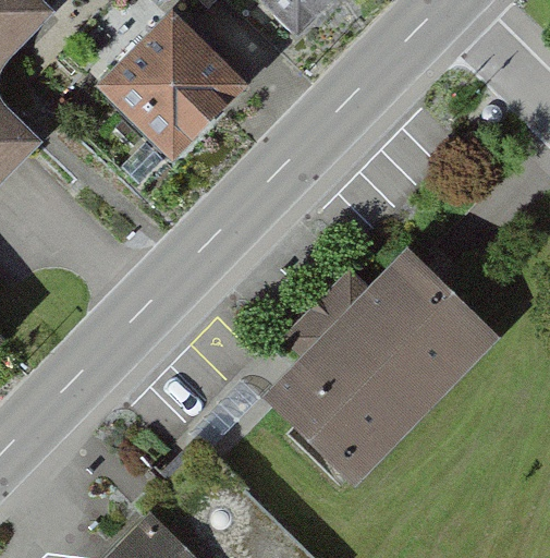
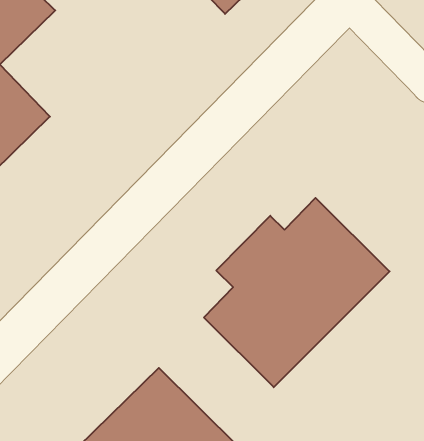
building: [122,20,269,167] -> none

